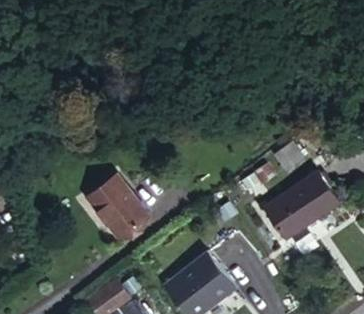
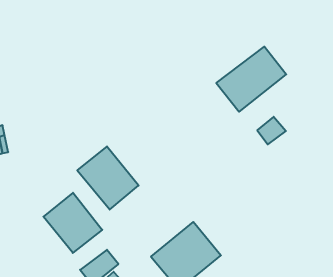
building: [269,173,342,241] -> [216,47,286,112]
building: none -> [43,193,102,253]

